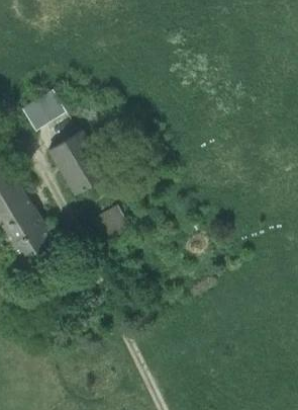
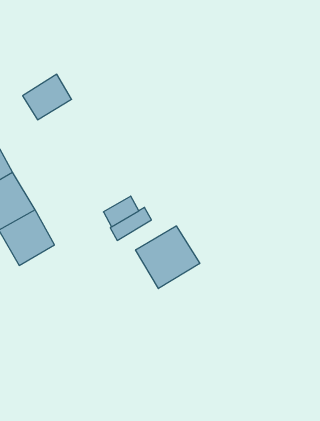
building: [49,131,109,195] -> none
building: none -> [136,226,200,289]

